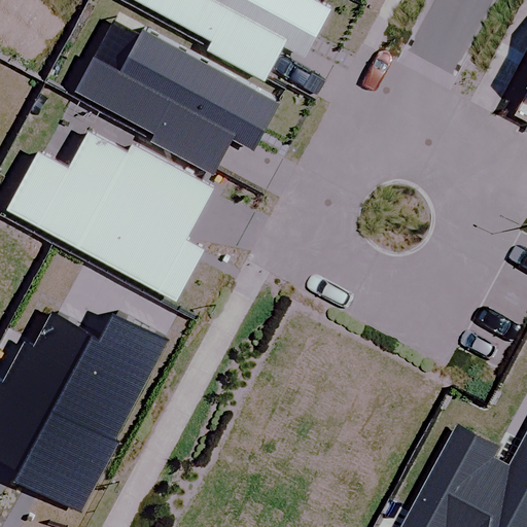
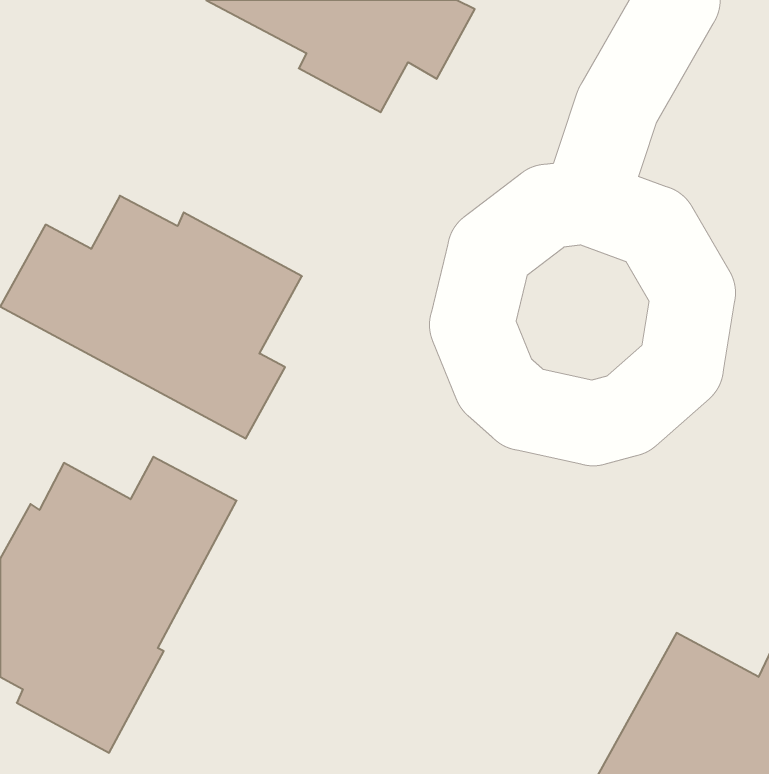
building: [73,26,281,174] -> none

